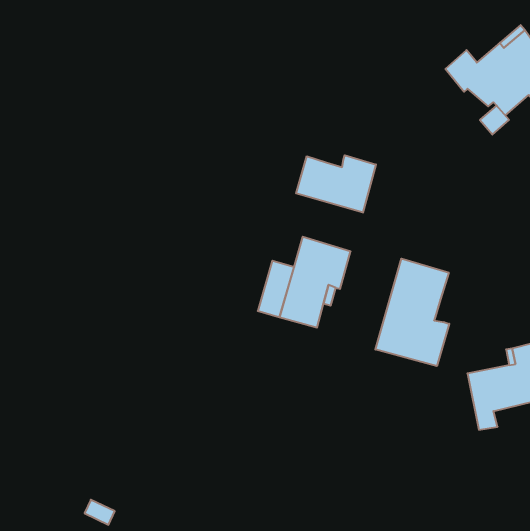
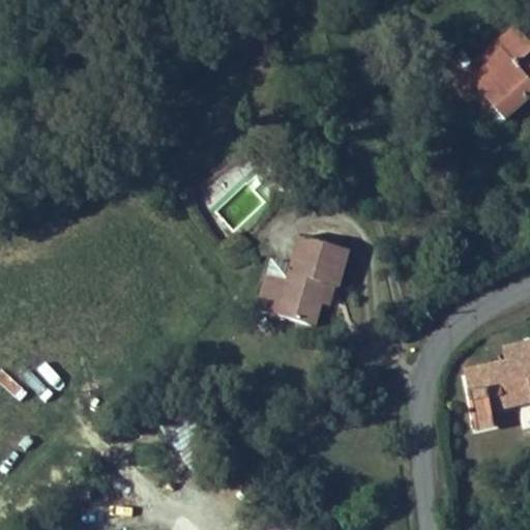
building: [296,155,376,213] -> none
building: [375,259,449,366] -> none

